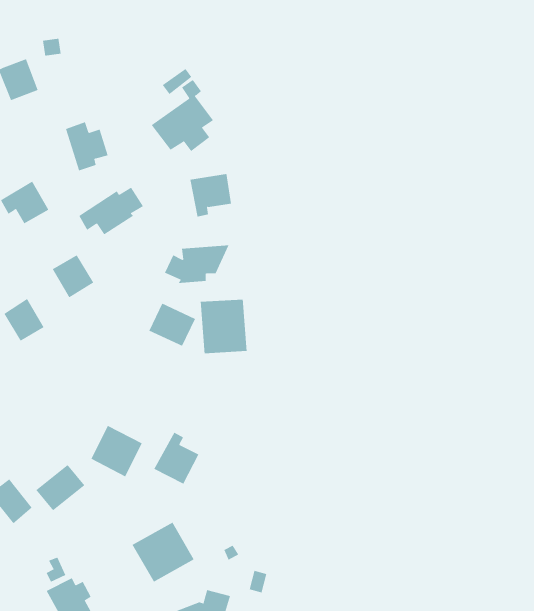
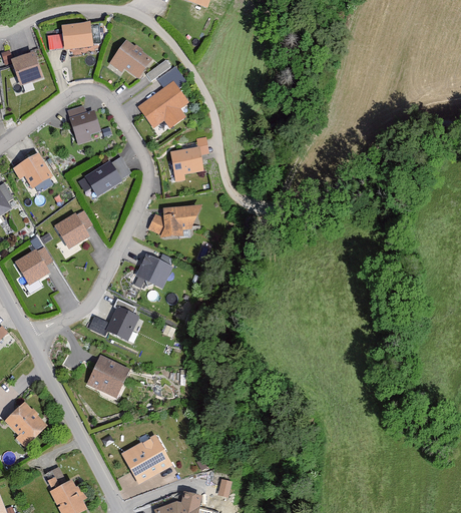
building: none -> [62,22,94,50]
building: none -> [109,38,154,78]
building: [200,299,247,354] -> none
building: none -> [105,306,140,342]
building: [154,432,199,485] -> none
building: [36,464,85,511] -> none

